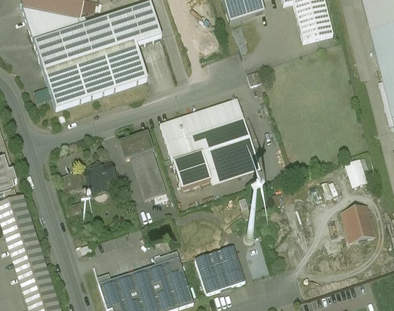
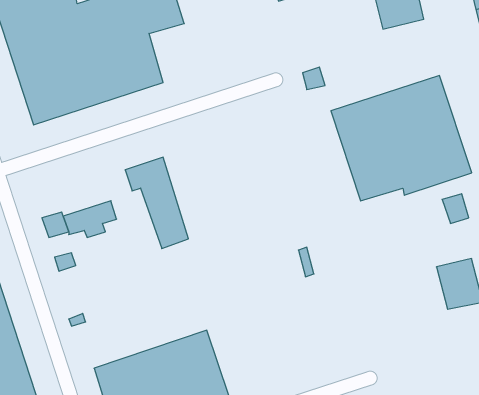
building: [160,98,260,187] -> [331,76,472,201]
building: [195,245,245,292] -> none

